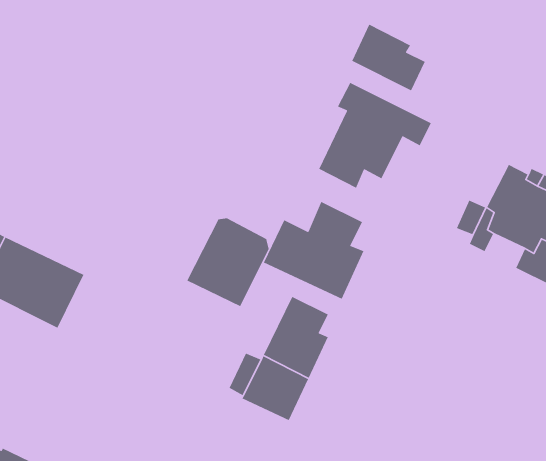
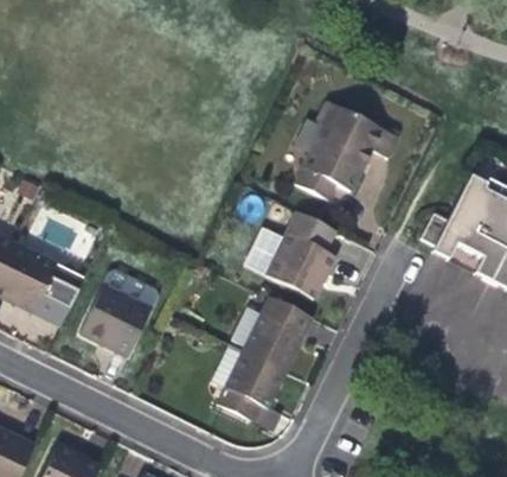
building: [351,23,426,91] -> none
building: [186,217,269,307] -> [81,275,155,356]

